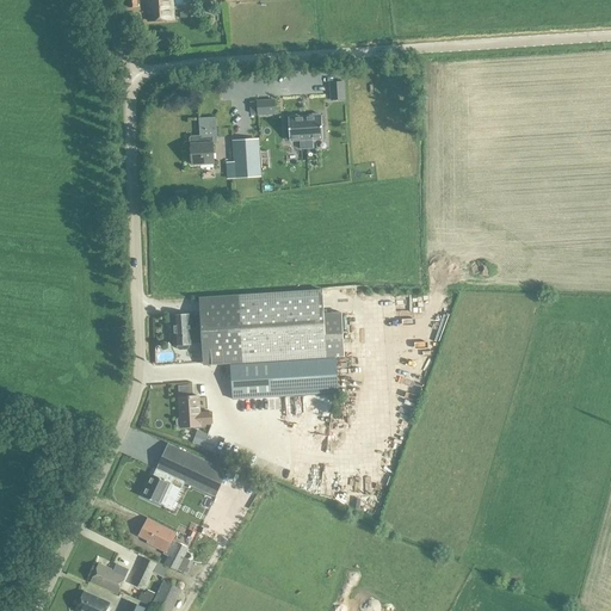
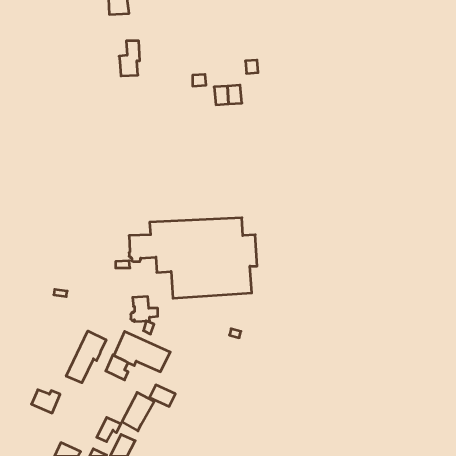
building: [187,116,215,162] -> [119,41,140,76]
building: [232,138,258,175] -> none
building: none -> [66,331,106,383]
building: [140,520,174,549] -> [150,385,175,406]
building: [88,562,126,593] -> [31,390,60,413]

